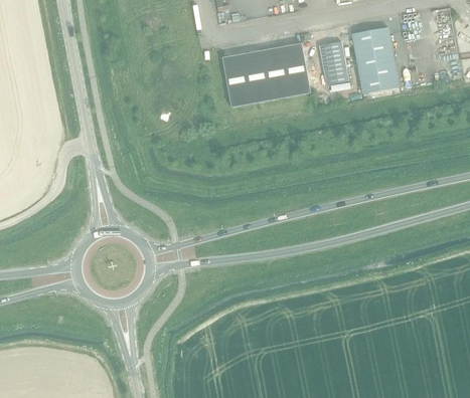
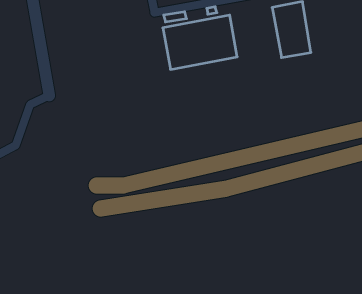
building: [319,41,347,84] -> none

